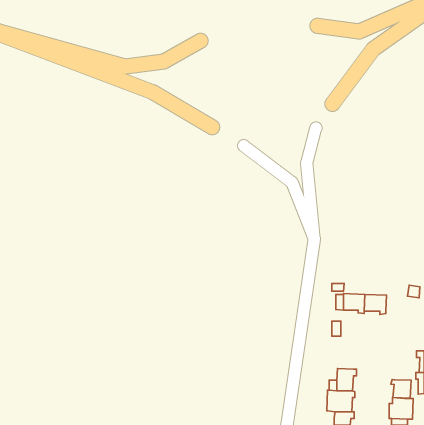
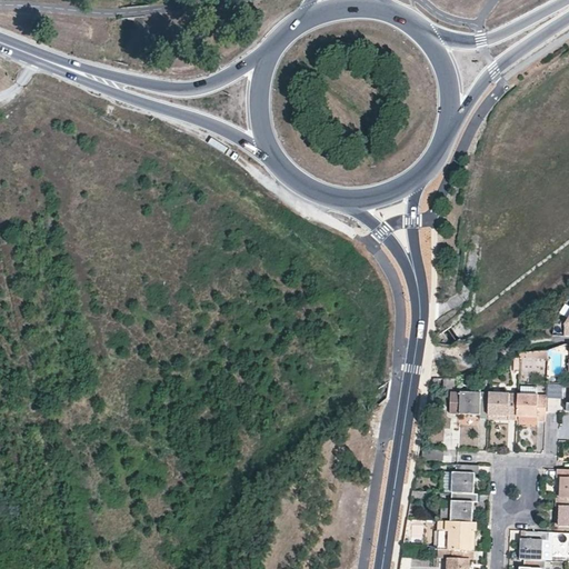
building: none -> [516,395,545,421]
building: none -> [451,465,478,493]
building: [391,379,411,398] -> none

